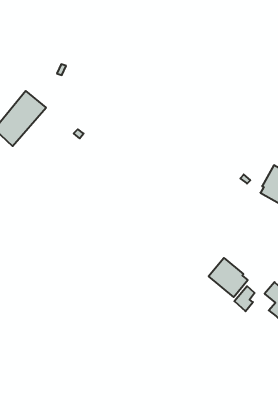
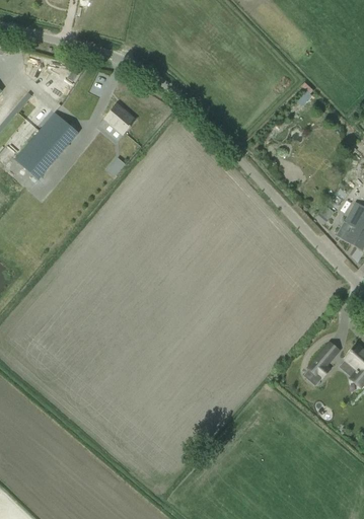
building: none -> [104,104,135,134]
building: [209,258,248,297] -> none

